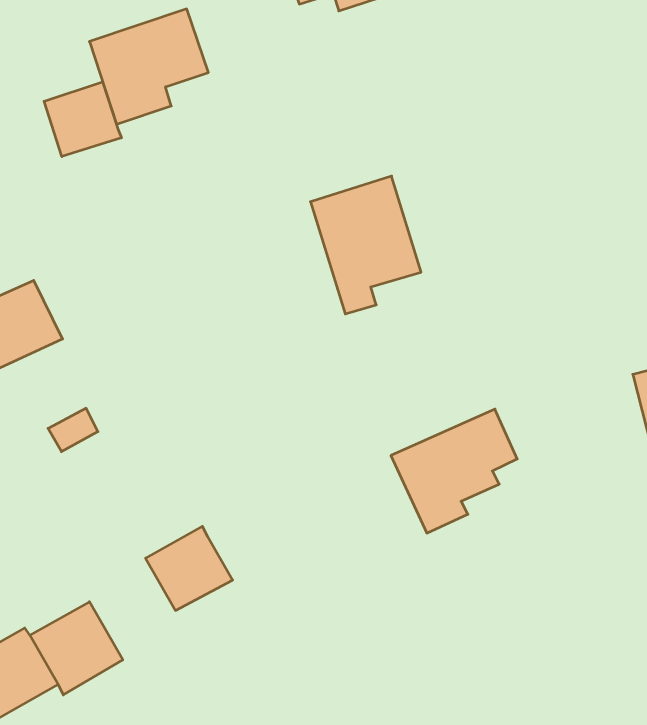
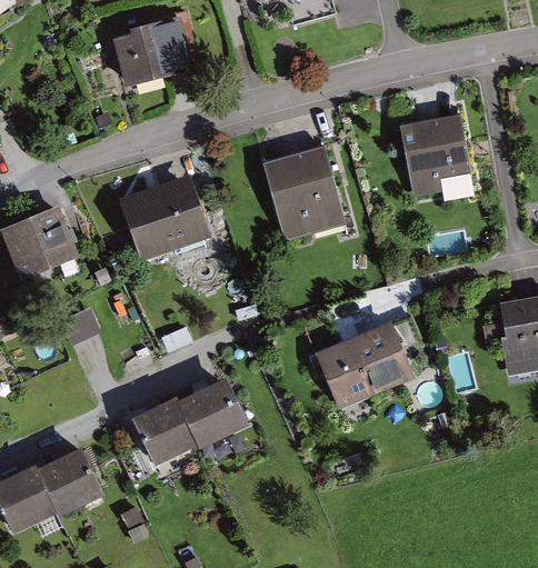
building: [44,82,121,157] -> none
building: none -> [401,117,472,197]
building: none -> [123,177,210,252]
building: none -> [175,383,241,449]

